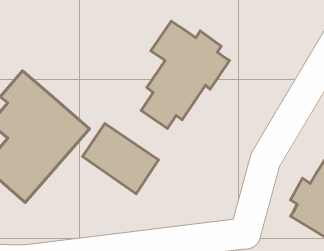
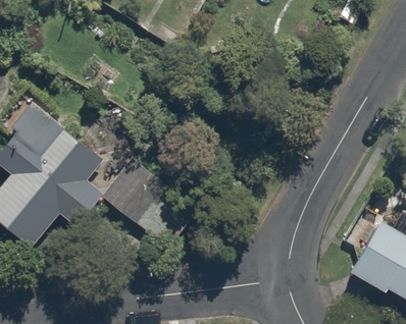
building: [141,21,230,128] -> none

